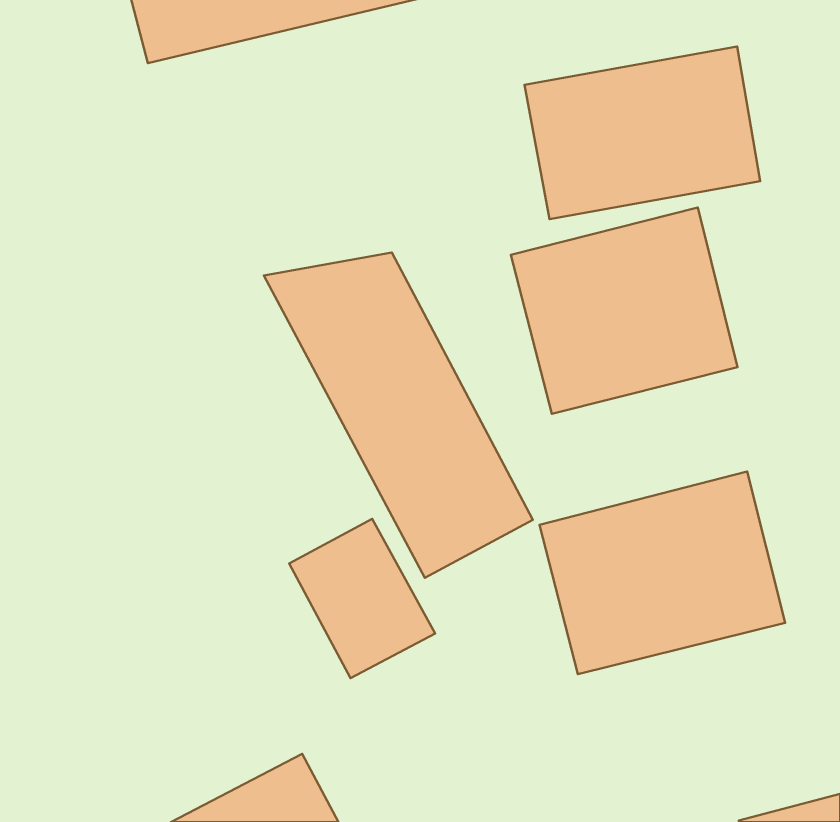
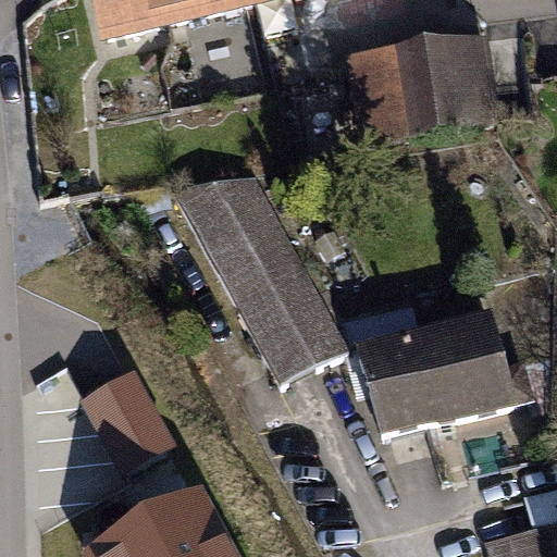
building: [511,208,737,414] -> none
building: [289,519,435,678] -> [76,372,172,476]

